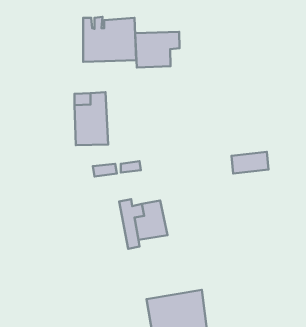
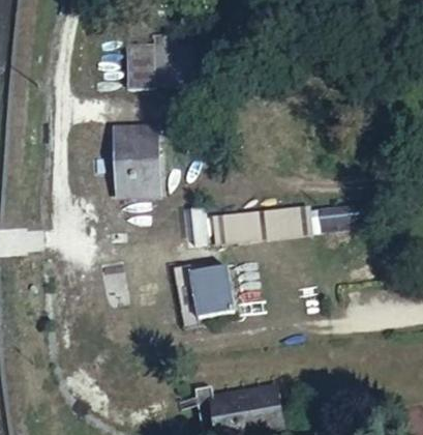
building: [135,32,179,68] -> none
building: none -> [212,207,309,242]

